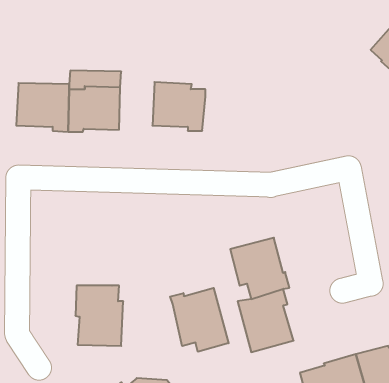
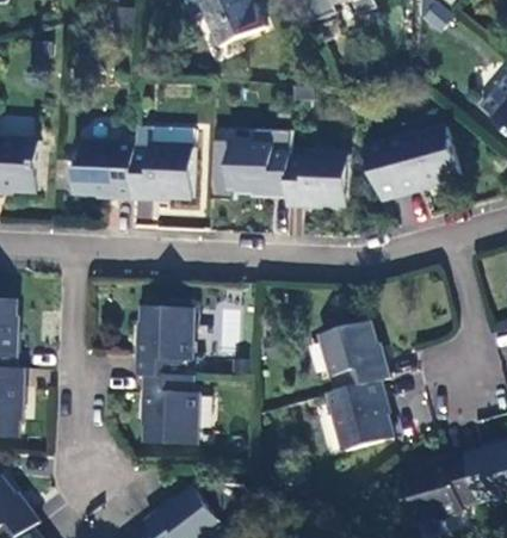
building: none -> [364,126,459,202]
building: none -> [286,153,348,205]
building: none -> [134,307,190,375]
building: [170,288,229,352] -> none

